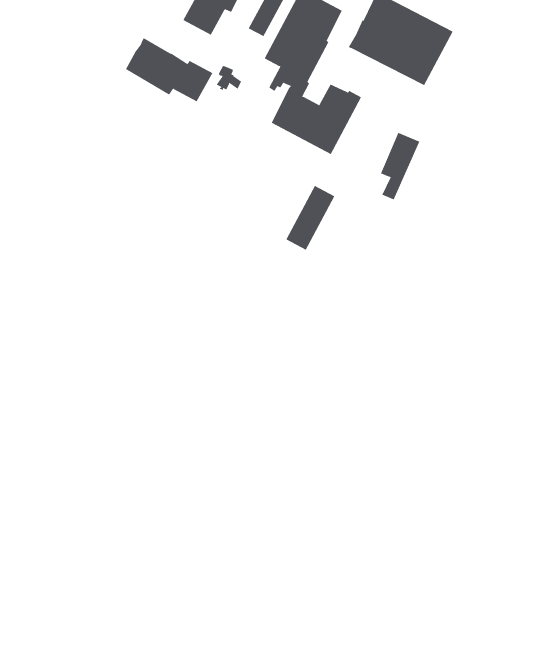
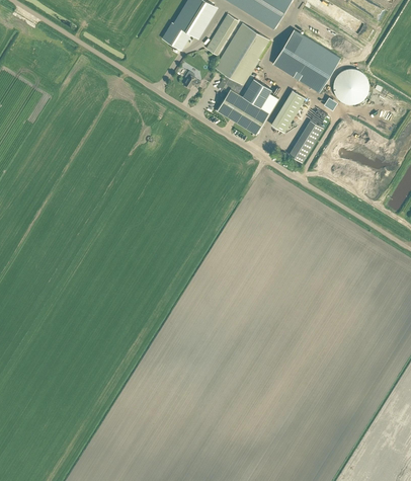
building: [125,37,213,102] -> none
building: none -> [334,69,369,104]
building: [285,185,335,250] -> [271,89,306,132]

